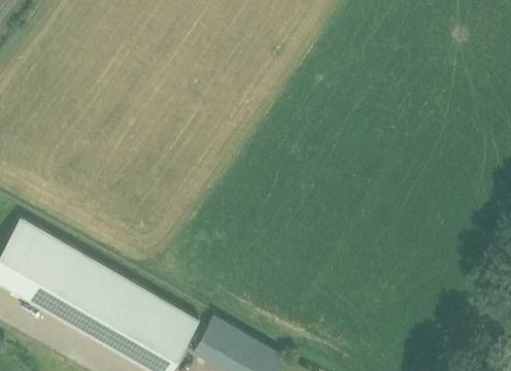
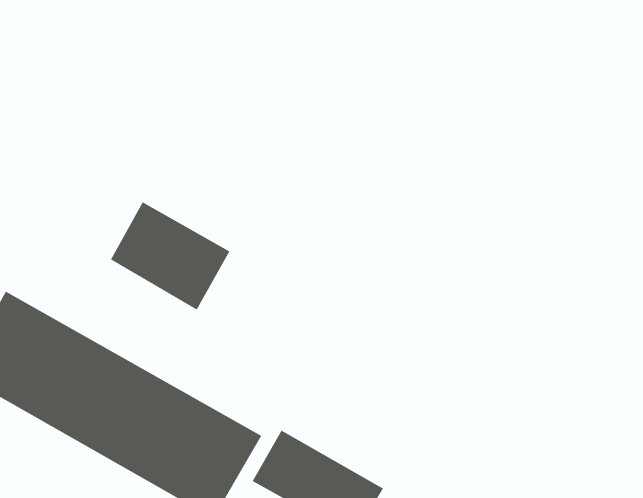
building: none -> [110,202,230,310]

